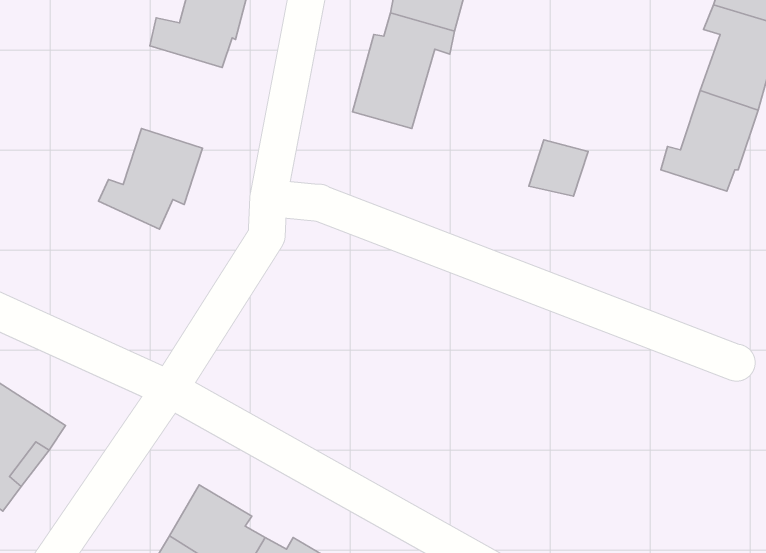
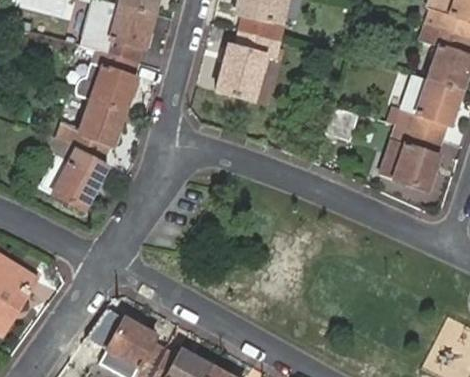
building: none -> [88,51,137,113]
building: none -> [381,126,443,188]
building: none -> [38,140,105,210]

